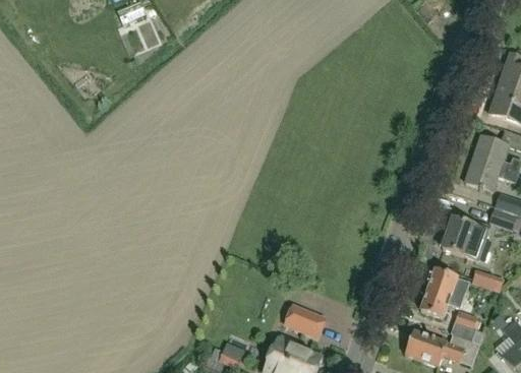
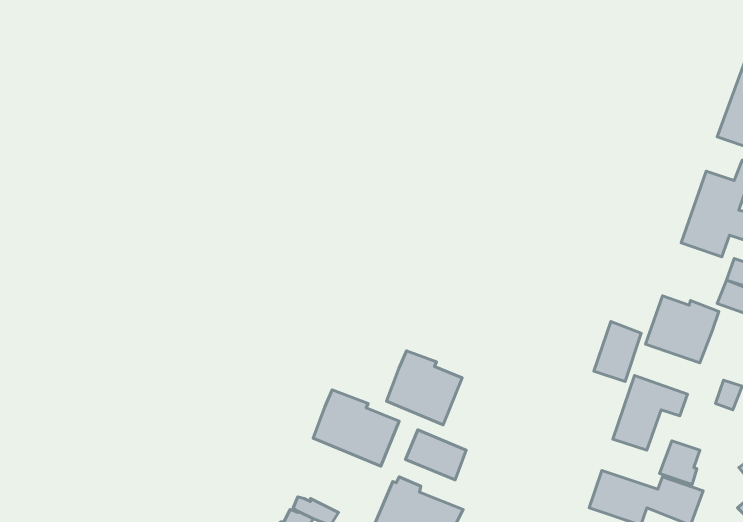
building: none -> [594,322,641,382]
building: none -> [387,351,462,425]
building: none -> [313,390,399,466]

